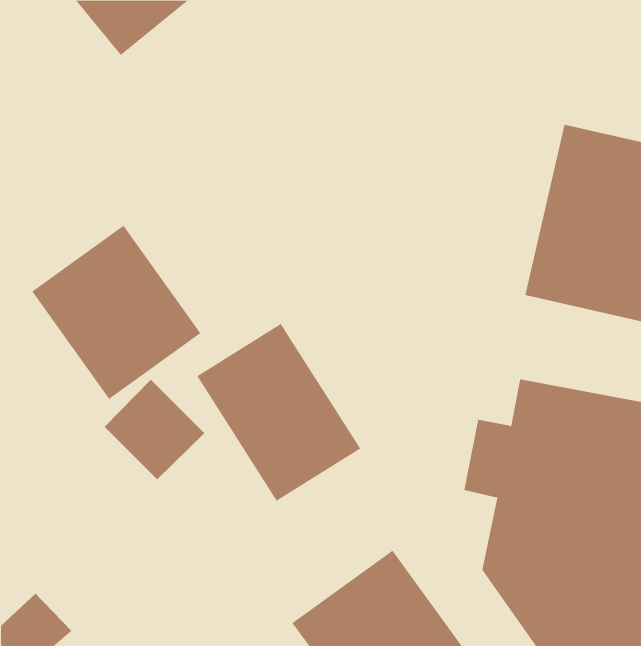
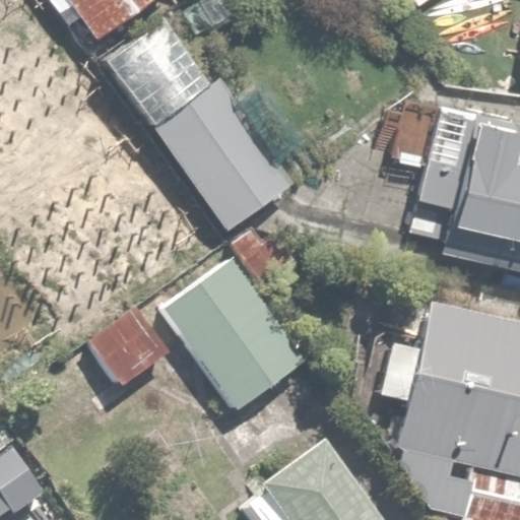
building: none -> [108,24,291,232]
building: [32,225,201,400] -> none

